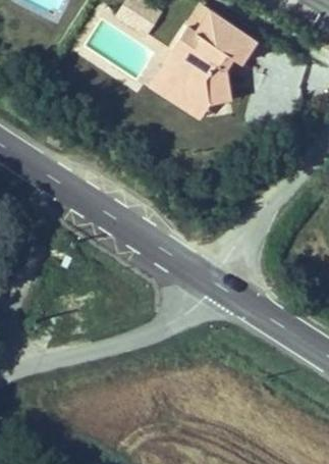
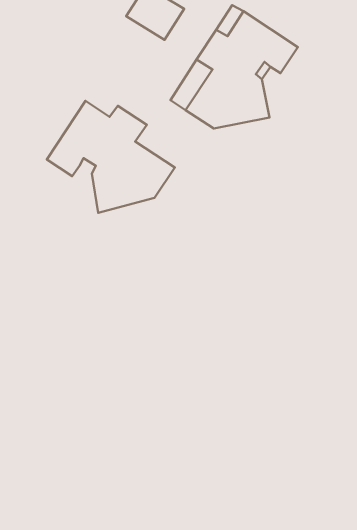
building: none -> [47,101,175,213]

